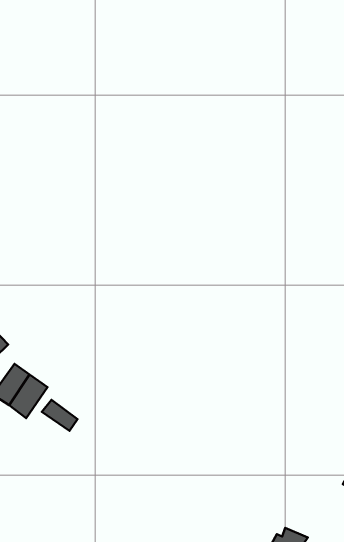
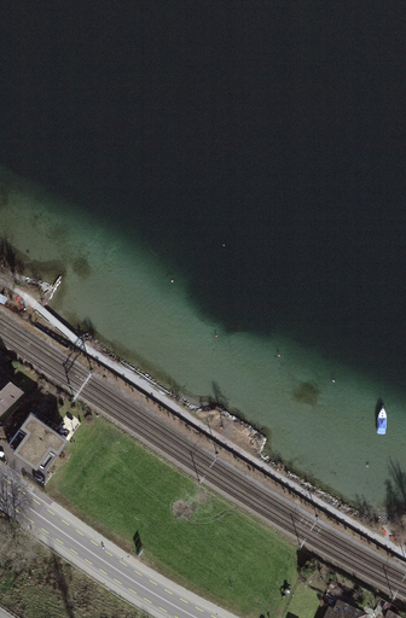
building: [42,400,78,431] -> none

